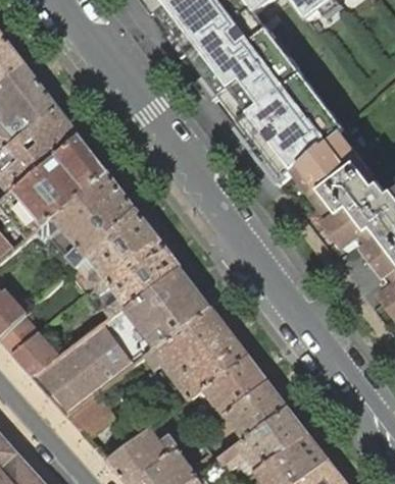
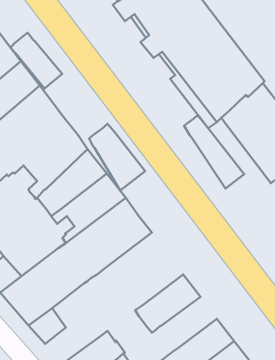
building: none -> [10,33,62,88]
building: none -> [184,115,244,189]
building: none -> [89,124,145,191]
building: [147,308,248,399] -> none
building: [213,383,288,442] -> none

